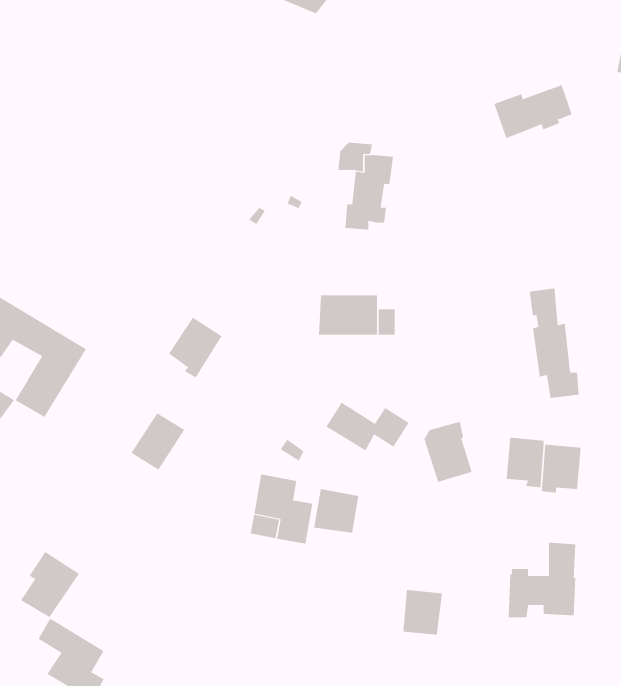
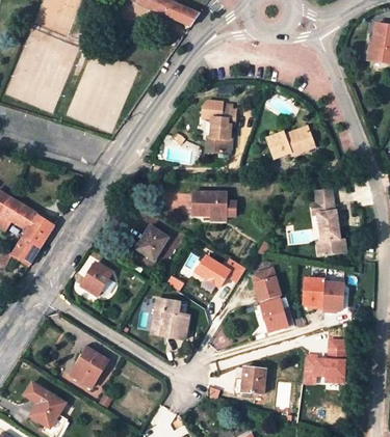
building: [494,85,573,139] -> [269,127,316,159]
building: [168,317,222,378] -> [135,225,167,262]
building: none -> [260,297,292,331]
building: [314,488,359,533] -> none
building: [20,551,80,618] -> [73,348,108,387]

